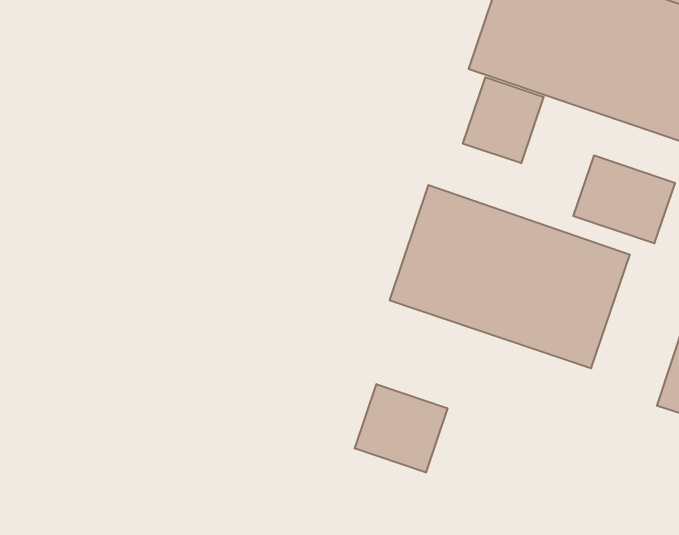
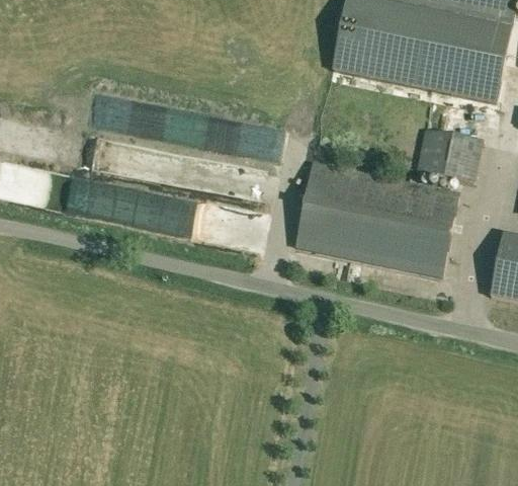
building: [463,77,544,163] -> none
building: [355,384,447,473] -> none

